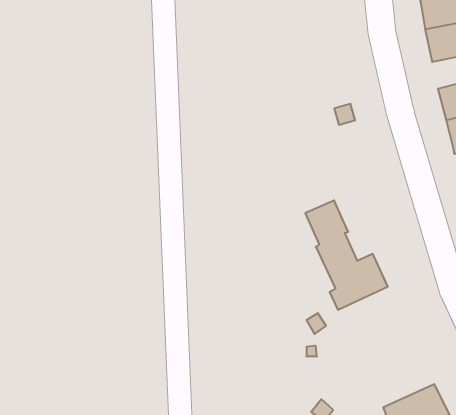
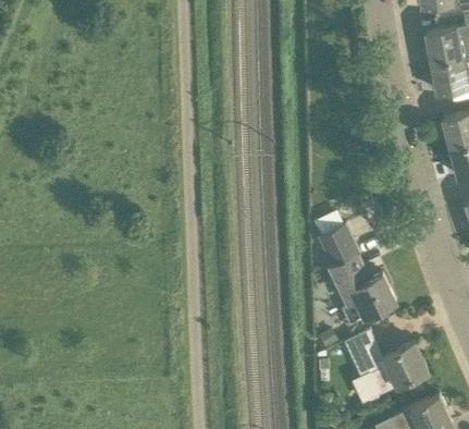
building: none -> [345,330,429,402]

